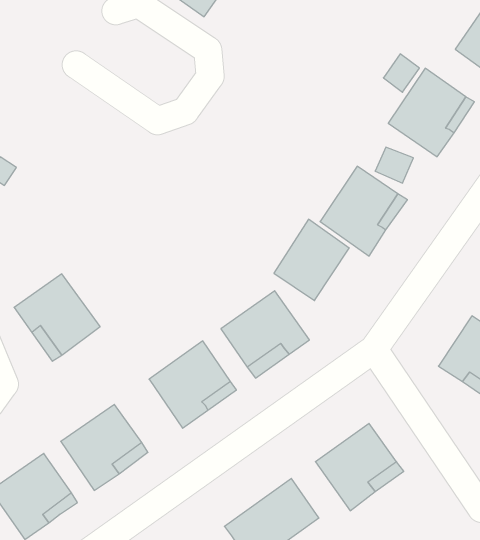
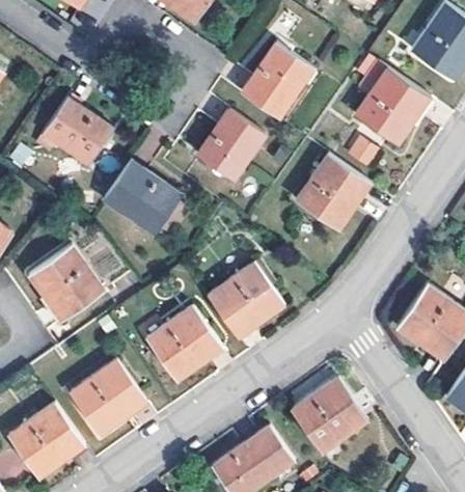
building: none -> [240,44,312,119]
building: none -> [43,98,113,165]
building: none -> [103,163,181,237]
building: [274,219,349,301] -> [197,111,263,182]

